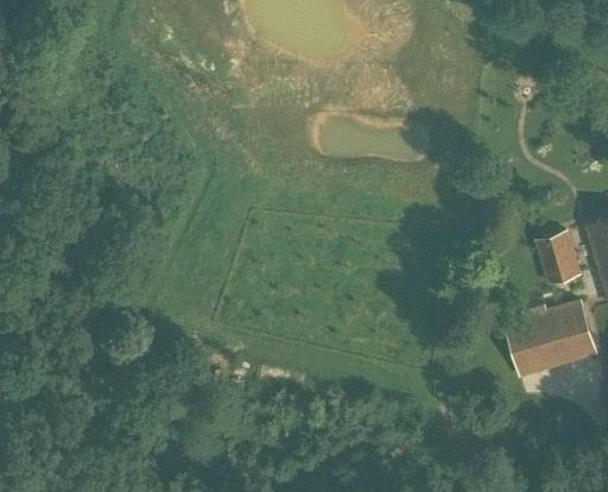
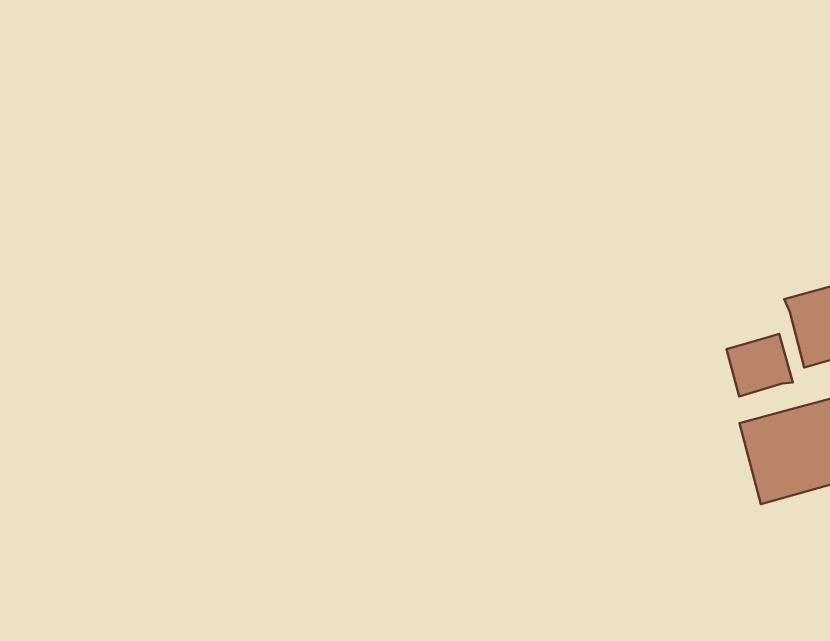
building: none -> [727,334,793,396]

